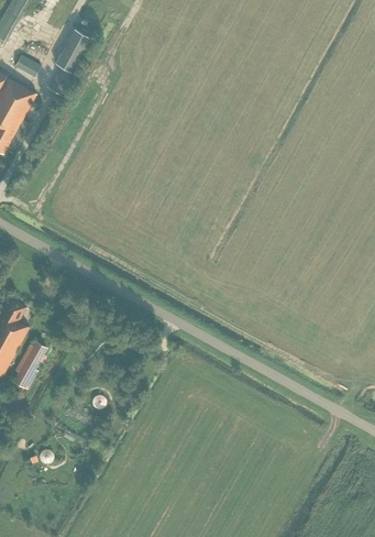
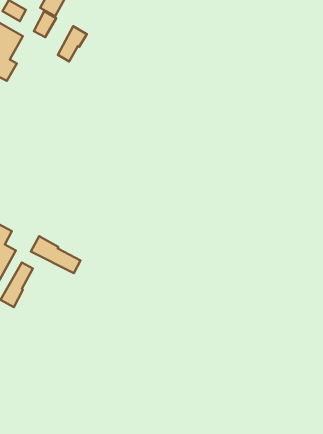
building: none -> [58,26,87,62]
building: none -> [31,236,81,273]

